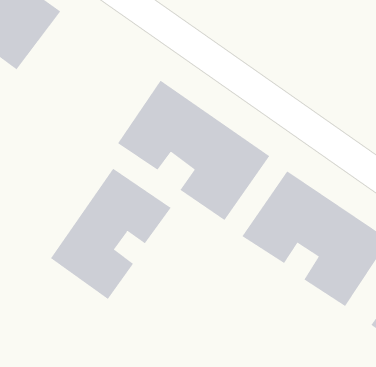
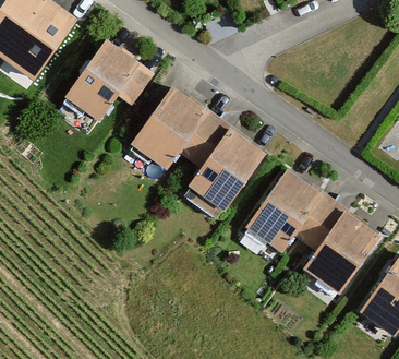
building: none -> [63,39,152,122]
building: [50,168,172,300] -> none

